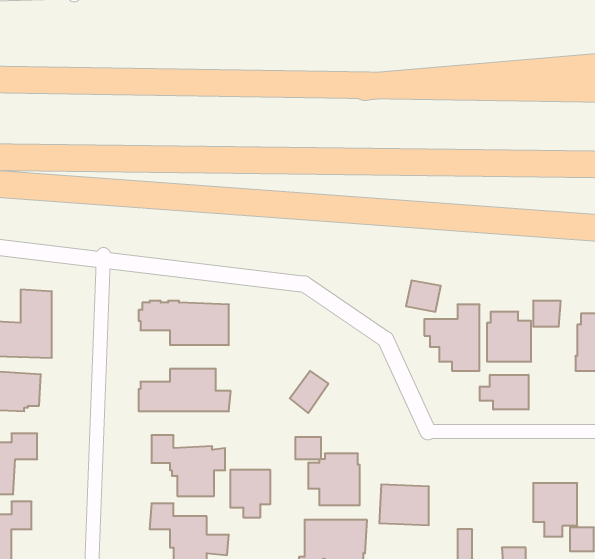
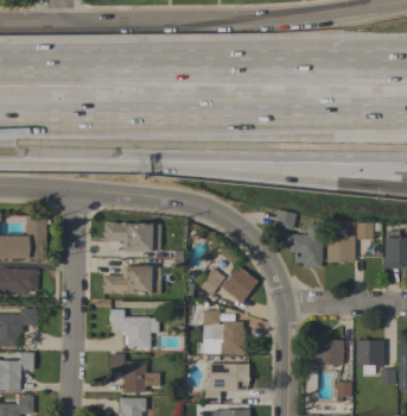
building: none -> [220,265,257,303]
building: [480,375,528,410] -> none
building: [230,470,270,518] -> none
building: [379,485,429,525] -> [311,339,343,365]

